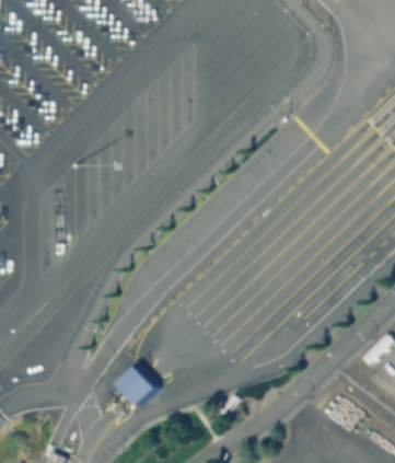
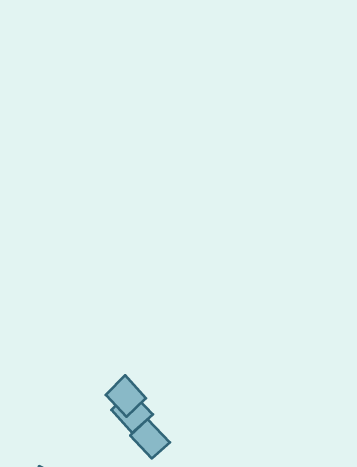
building: none -> [130,419,170,458]

